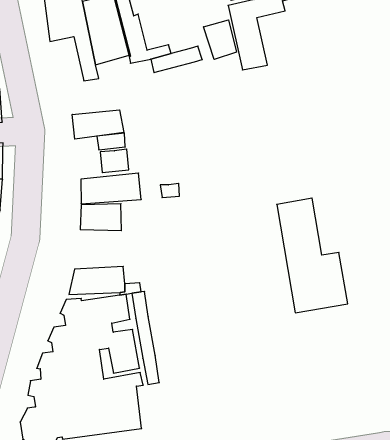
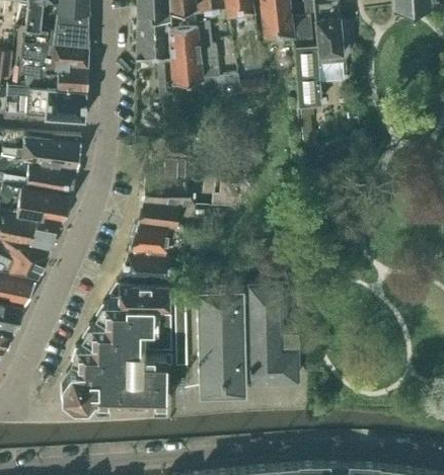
building: [204,20,237,59] -> none
building: [72,110,124,139] -> none
building: [277,198,348,313] -> [249,285,298,382]
building: none -> [131,227,169,261]
building: none -> [197,289,247,397]

